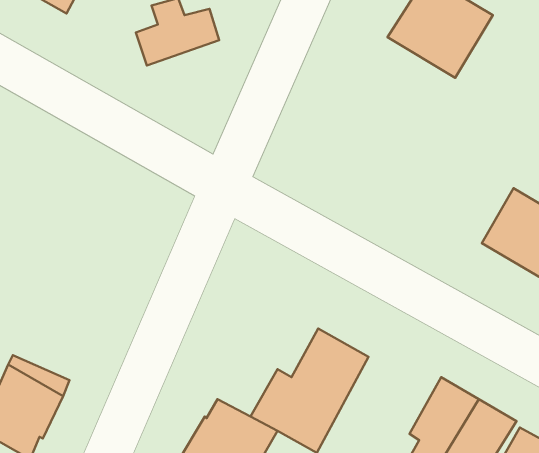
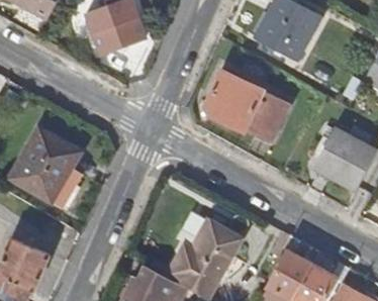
building: none -> [203,67,292,148]
building: none -> [21,132,88,204]

